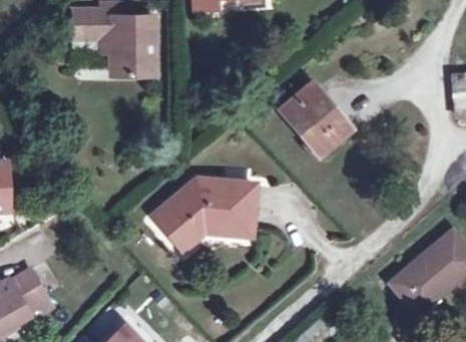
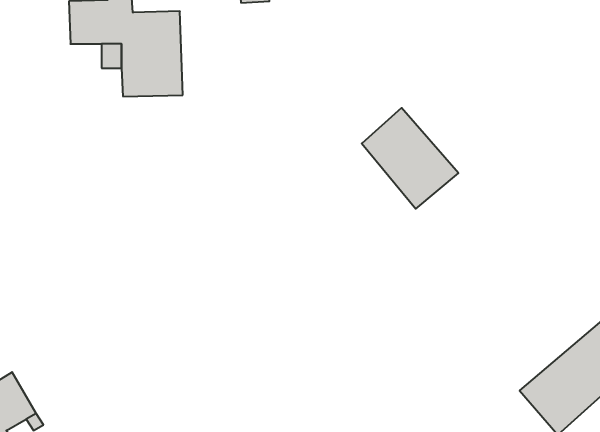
building: [154,178,254,249] -> none

